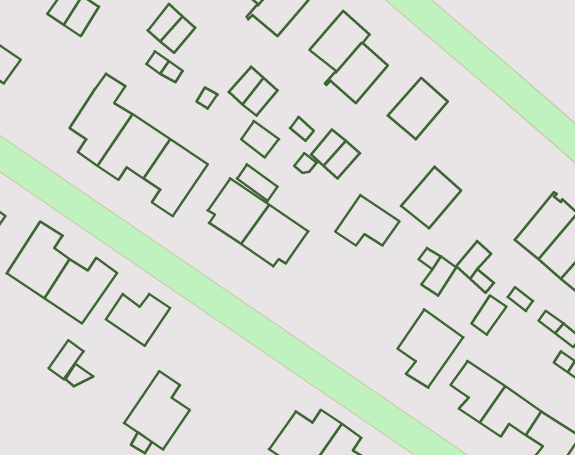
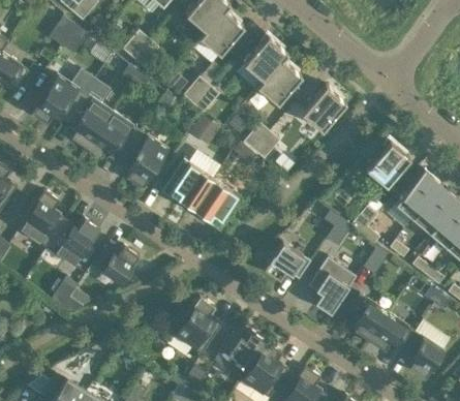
building: none -> [31,72,92,123]
building: [401,167,461,228] -> [365,140,409,185]
building: [335,195,399,245] -> [264,242,311,279]
building: [124,371,190,449] -> [174,296,222,353]

